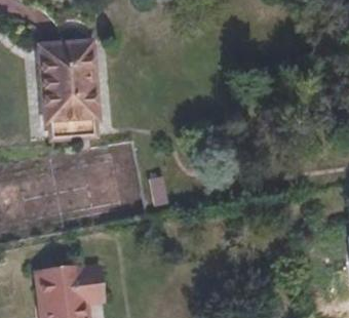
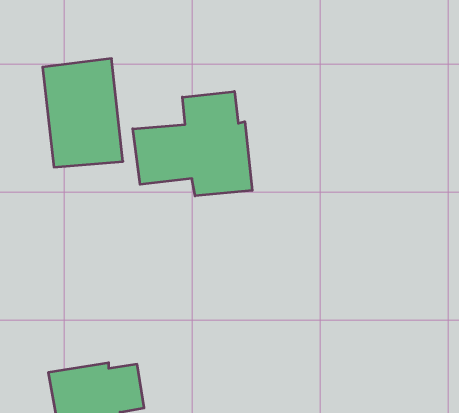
building: none -> [133,91,252,196]

